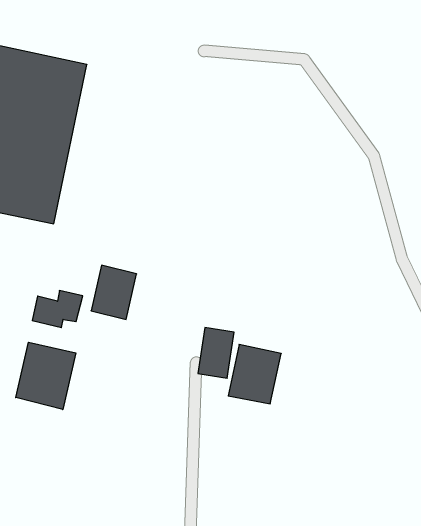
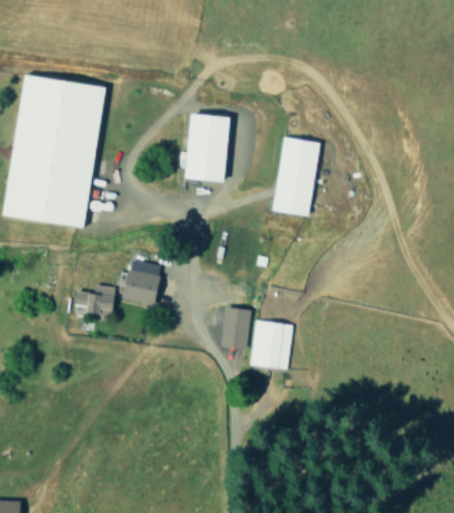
building: none -> [185,113,231,182]
building: none -> [273,137,321,216]
building: [16,342,76,410] -> none

